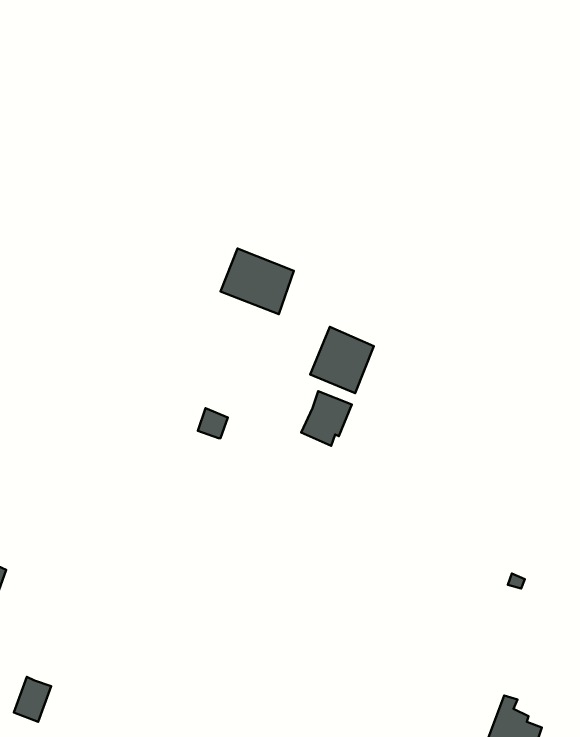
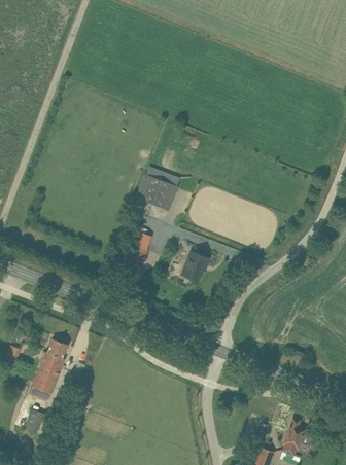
building: [310,327,374,393] -> none
building: none -> [29,337,68,401]

